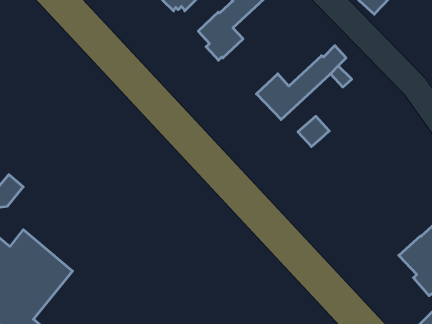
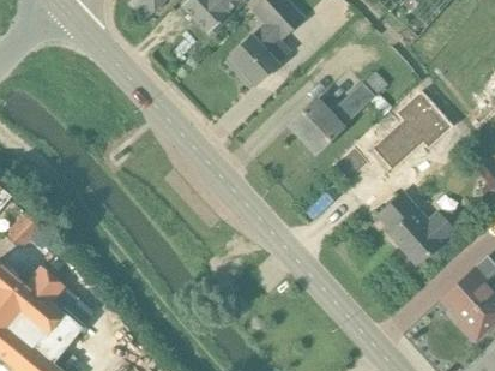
building: none -> [373,91,452,169]
building: none -> [375,192,453,264]

